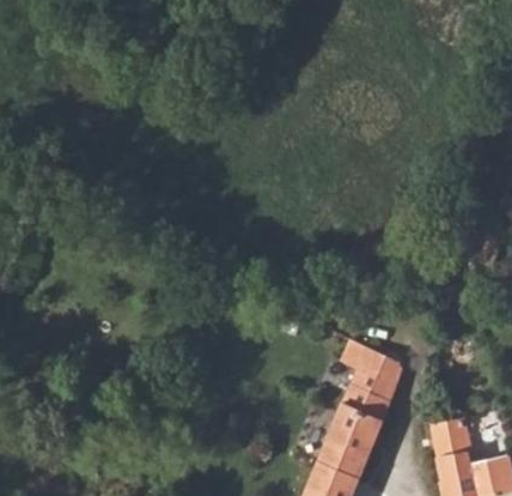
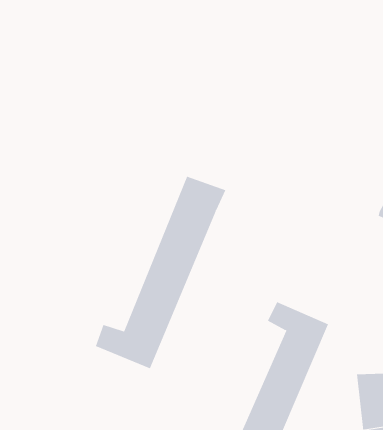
building: none -> [95,176,226,369]

